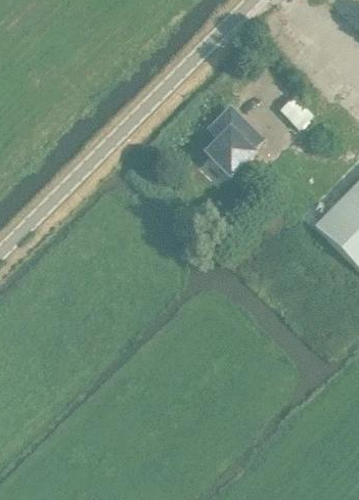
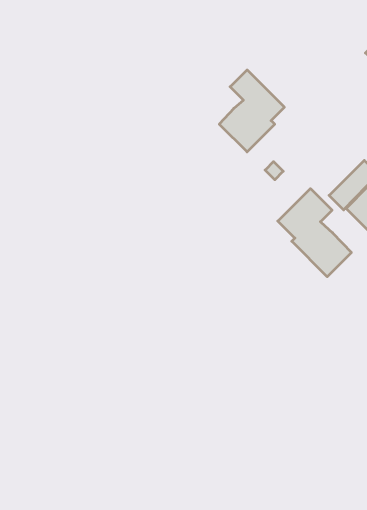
building: none -> [278,189,351,277]

